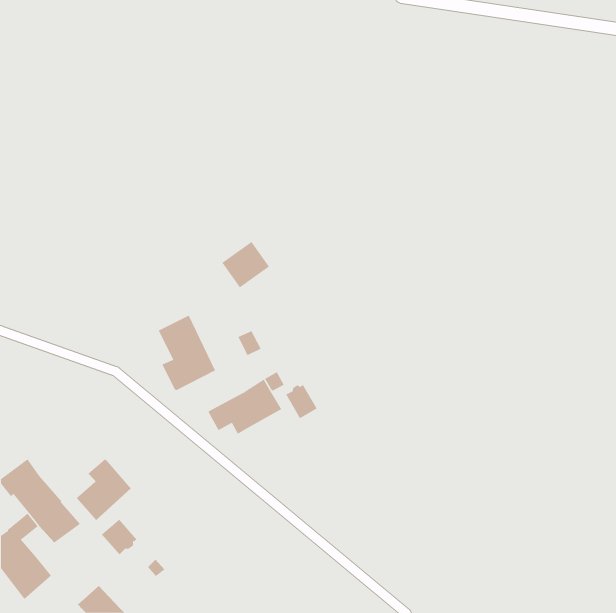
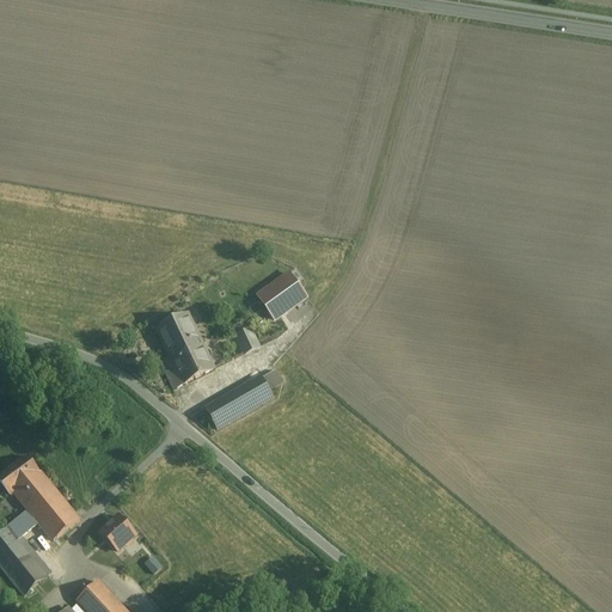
building: [222,241,270,288] -> [258,271,306,318]
building: [285,384,317,419] -> none
building: [76,458,131,521] -> none

